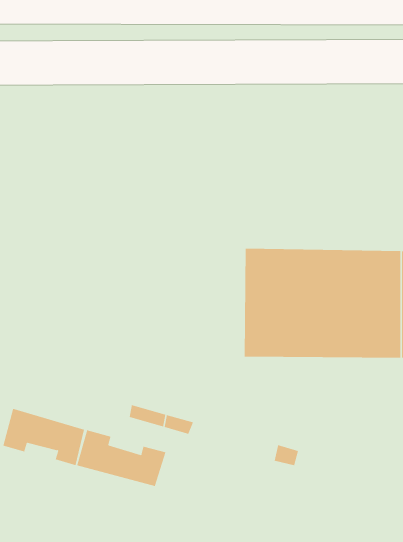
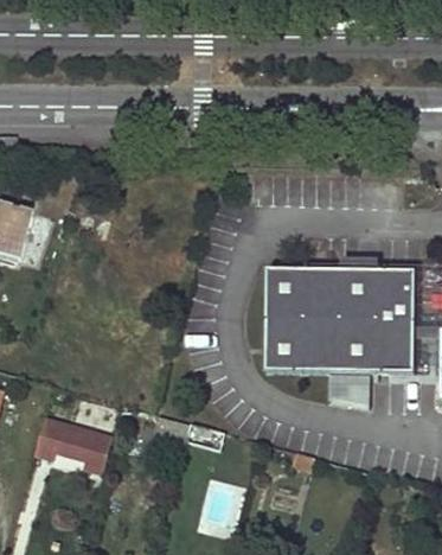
building: [76,429,166,487] -> none

